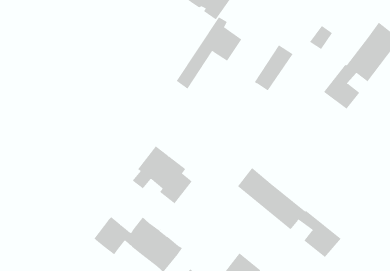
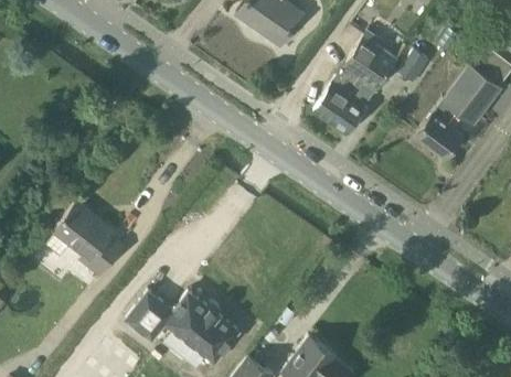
building: [176,17,242,89] -> [313,31,397,122]
building: [132,145,192,204] -> [46,202,123,276]
building: [237,167,342,258] -> none

